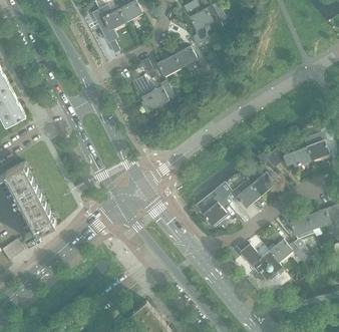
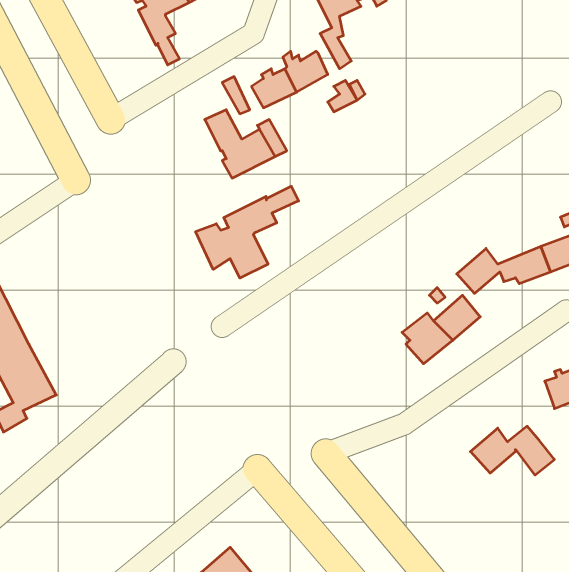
building: none -> [196,186,299,278]
building: [199,184,232,226] -> none
building: [290,215,314,247] -> none
building: [239,245,282,282] -> none

